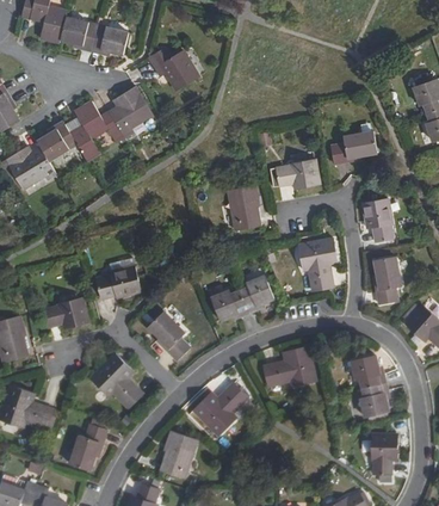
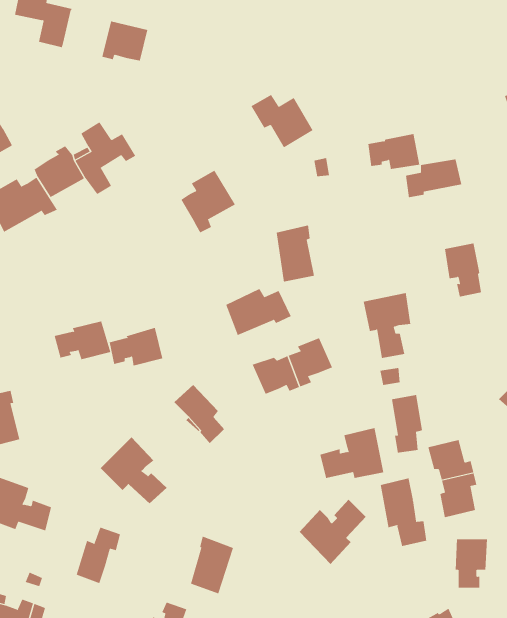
building: [61,14,98,51] -> none
building: [153,45,203,88] -> [250,94,314,148]
building: [107,88,152,138] -> [180,170,236,233]
building: [277,160,319,189] -> [367,133,420,169]
building: none -> [226,288,291,336]
building: [375,258,400,304] -> [391,395,423,453]
building: [43,298,88,329] -> [54,321,111,360]
building: [193,383,247,436] -> [299,499,366,565]
building: none -> [380,478,427,547]

